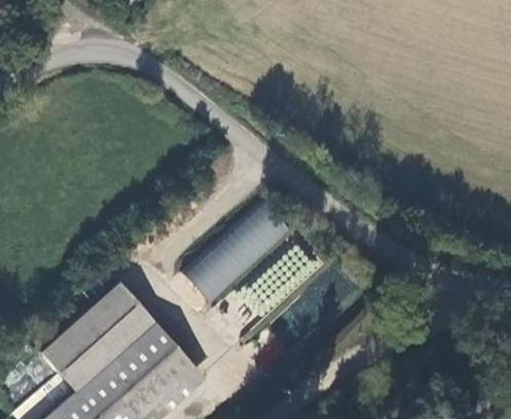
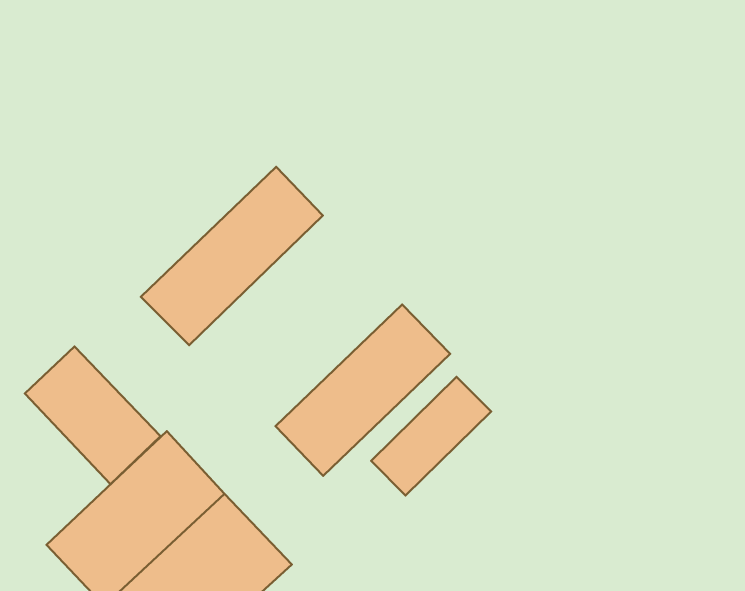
building: none -> [141,167,323,345]
building: none -> [25,346,161,484]

